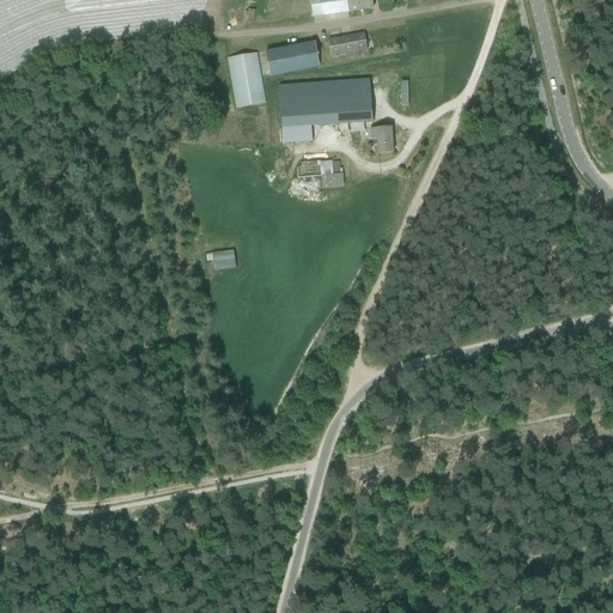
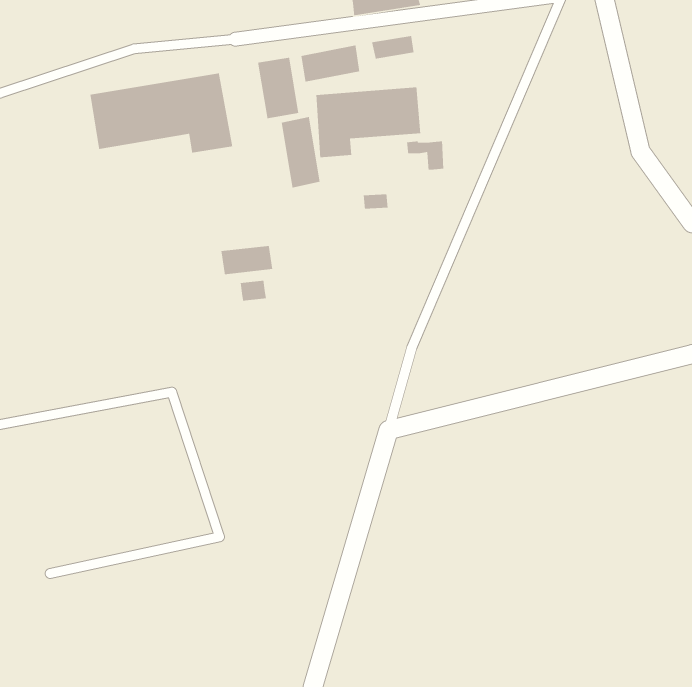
building: none -> [89,72,233,154]
building: none -> [281,116,320,189]
building: none -> [220,245,273,275]

